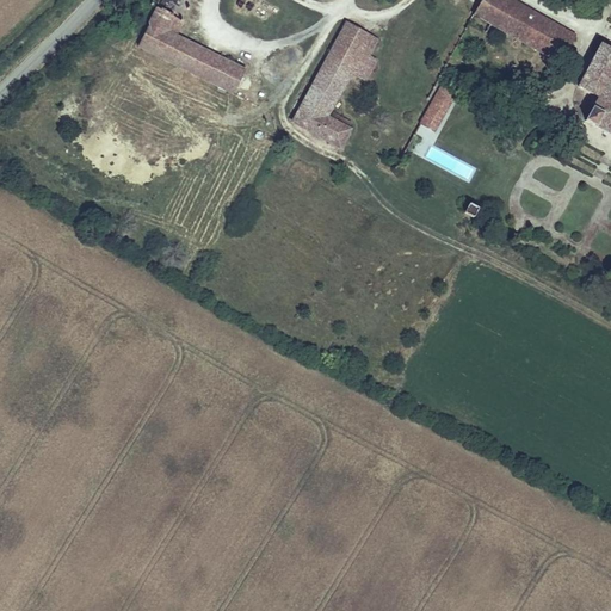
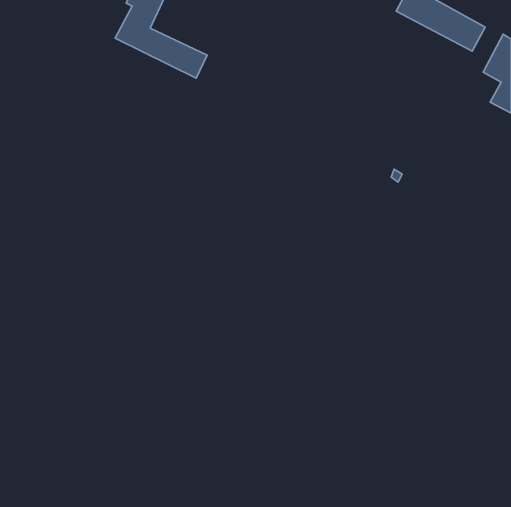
building: [290,18,379,148] -> none
building: [420,81,458,129] -> none

